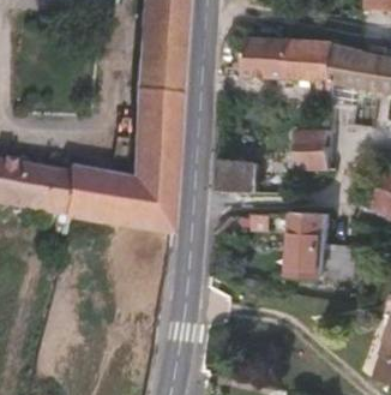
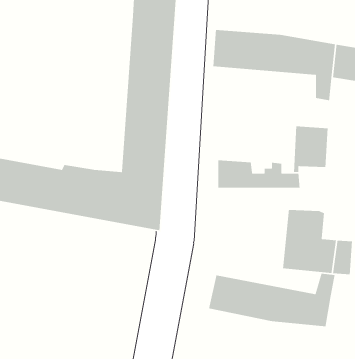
building: none -> [208,273,335,327]

